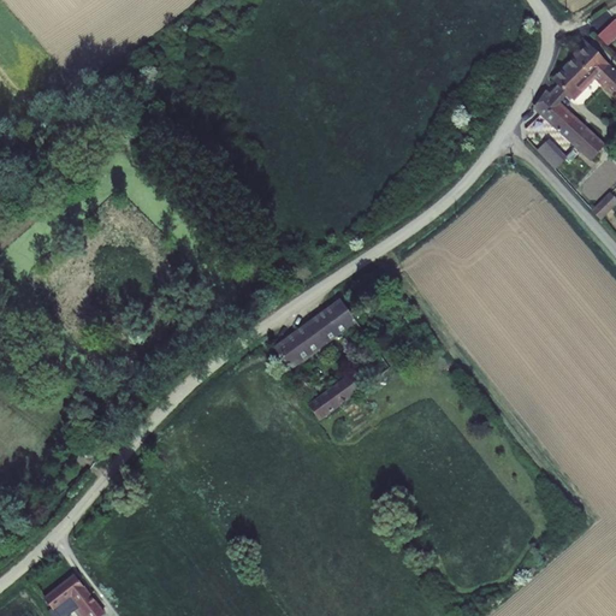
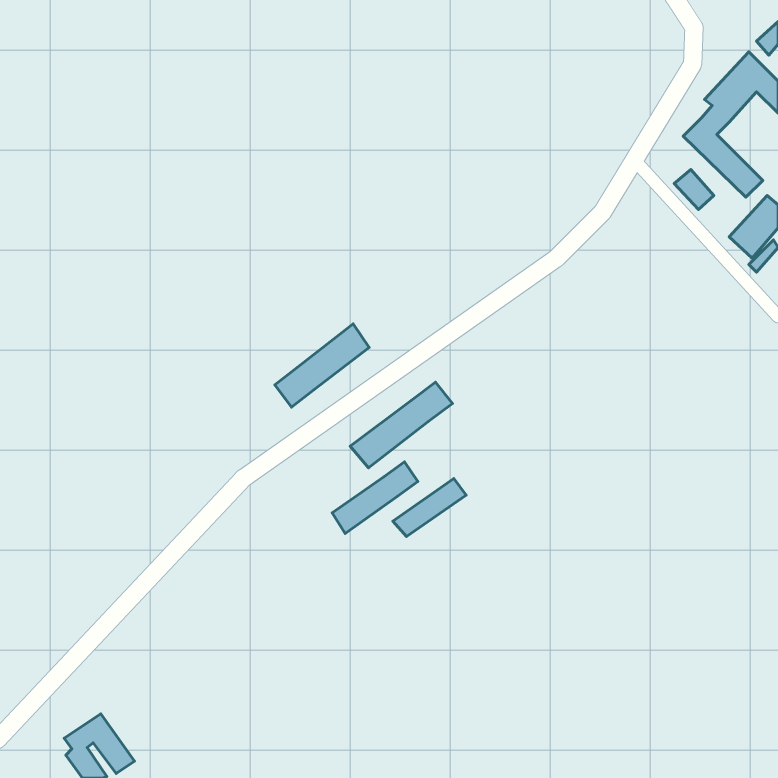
building: none -> [275,324,369,407]
building: none -> [332,462,418,534]

